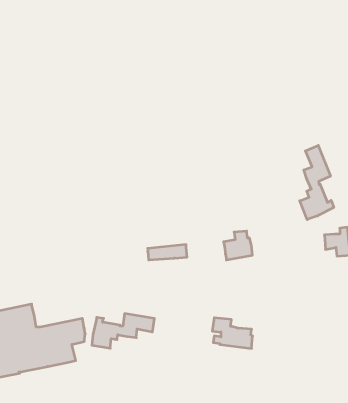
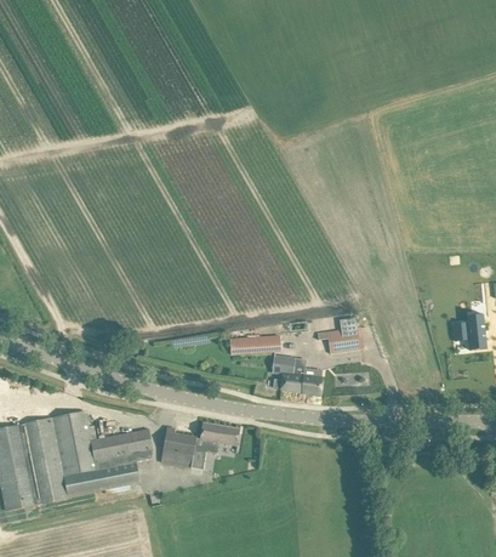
building: [300,145,334,220] -> none
building: [212,318,253,348] -> [270,354,321,393]

